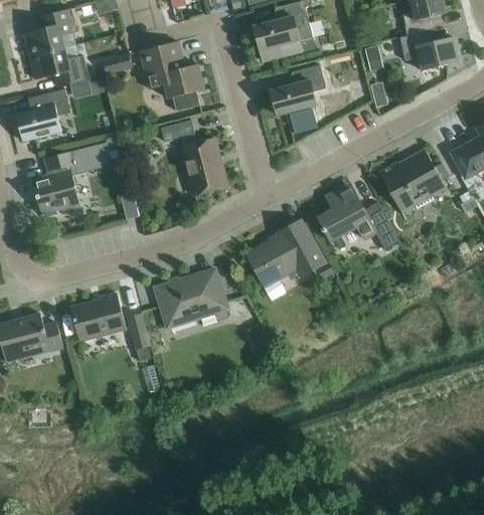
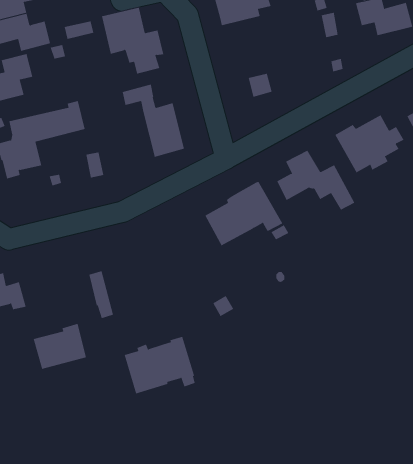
building: [271,64,326,115] -> none
building: [155,269,228,328] -> [124,336,196,394]
building: [70,293,126,340] -> [33,323,87,369]

